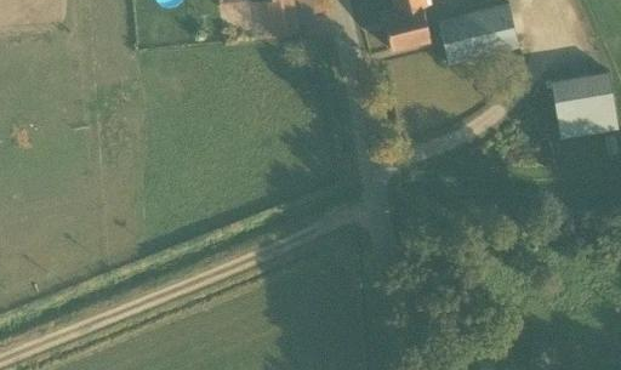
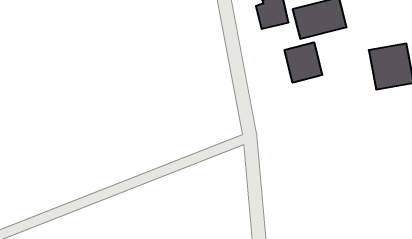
building: none -> [285,42,322,83]

